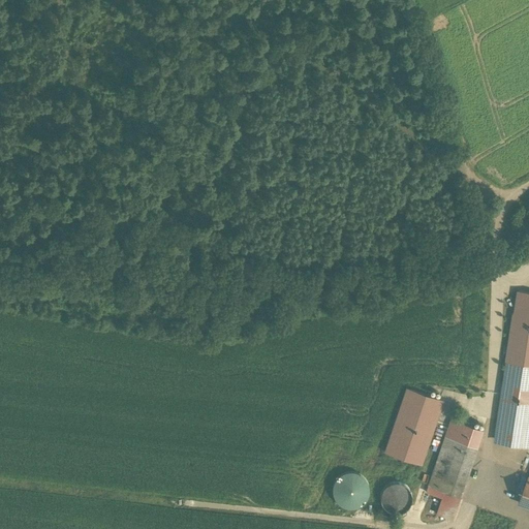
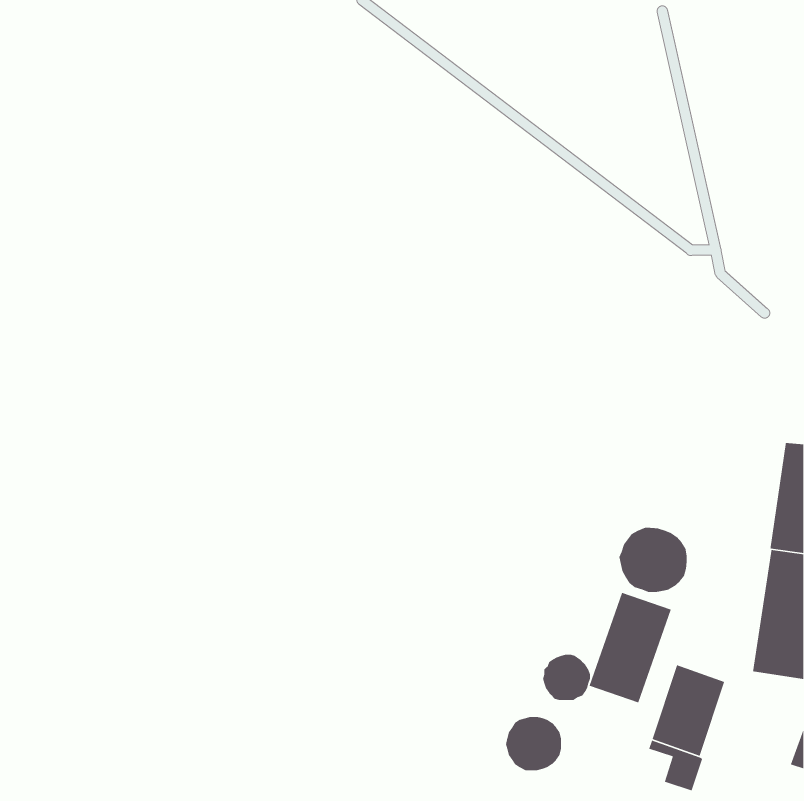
building: none -> [619,527,688,593]
building: [444,422,483,449] -> none
building: [380,484,412,515] -> [542,654,591,701]

